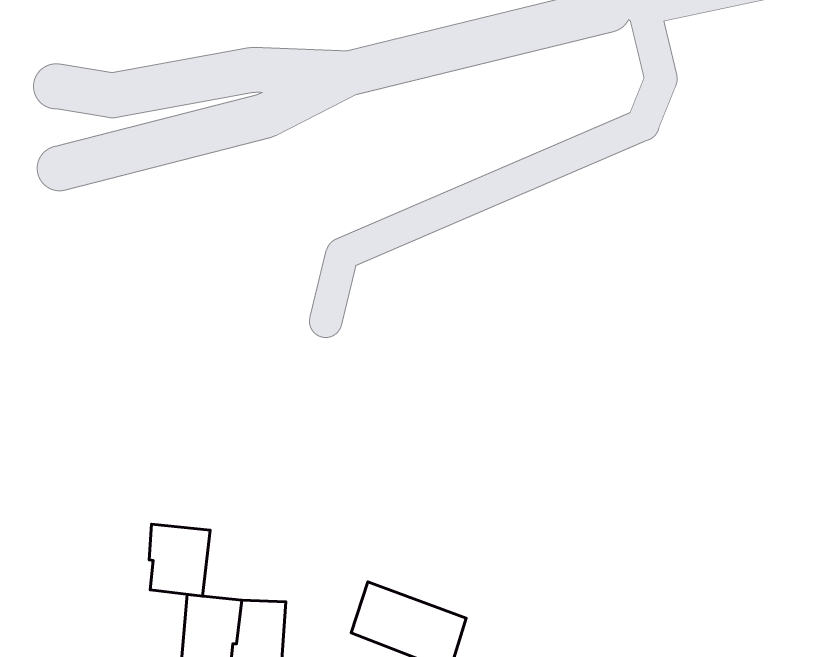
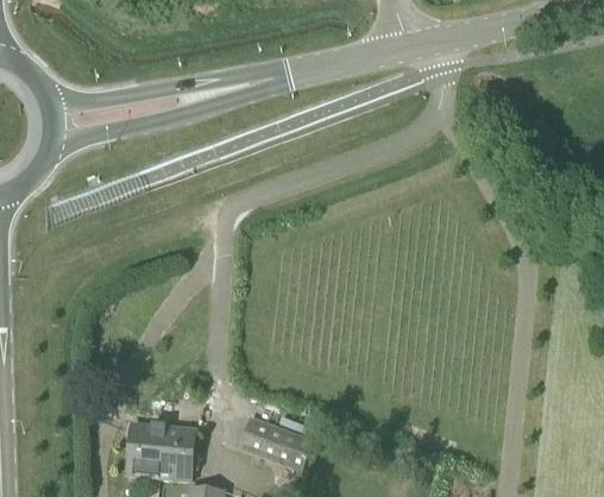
building: [149,524,210,596] -> none

